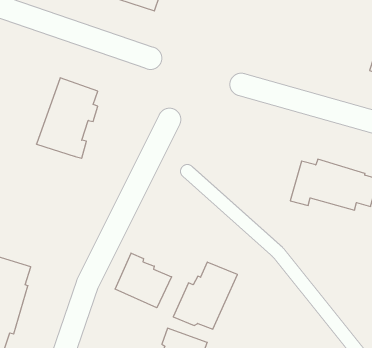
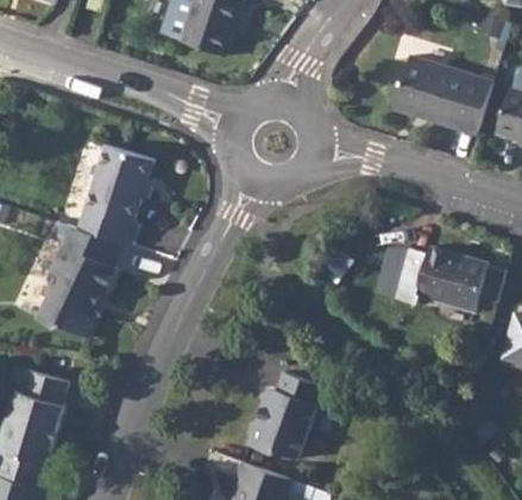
building: none -> [390,55,491,133]
building: none -> [34,220,122,339]
building: [115,253,172,308] -> none

